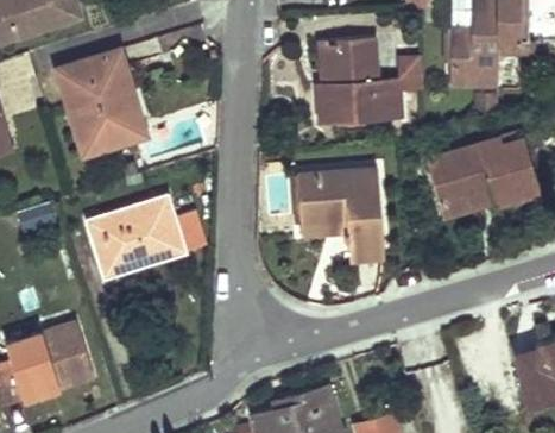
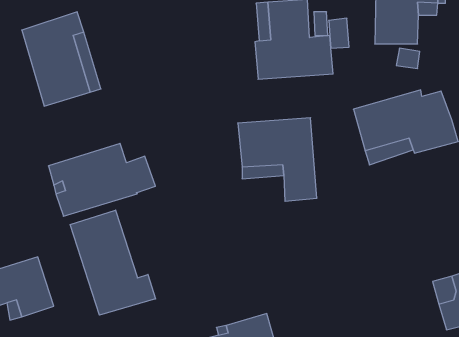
building: none -> [70,210,156,315]

